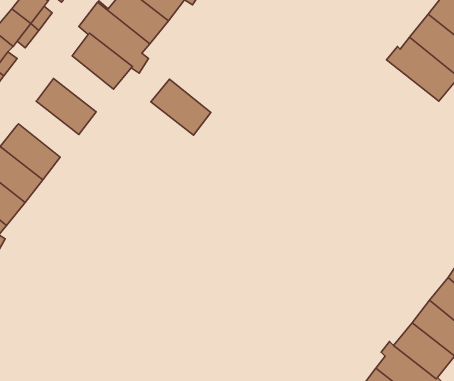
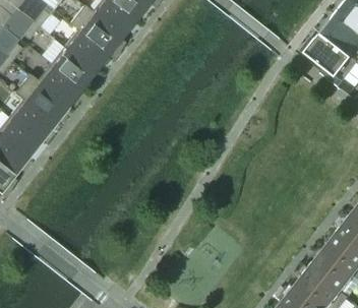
building: [151,79,211,135] -> [50,47,96,89]
building: none -> [14,74,69,124]

